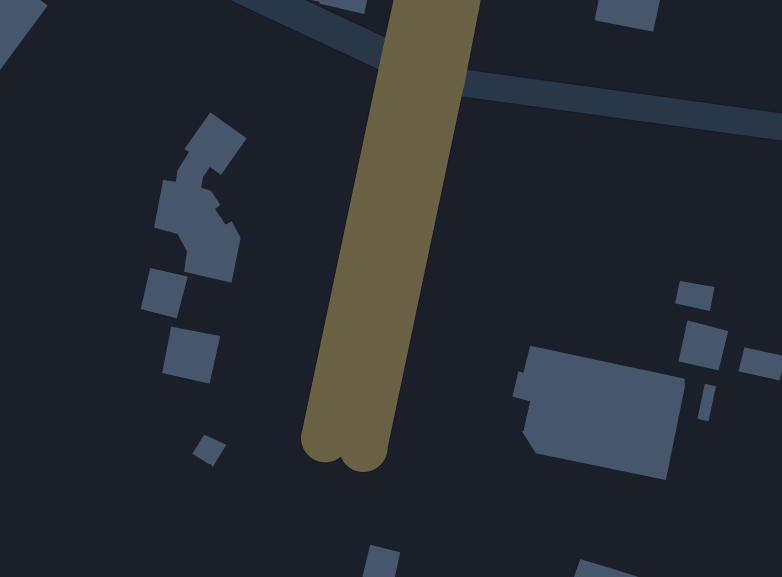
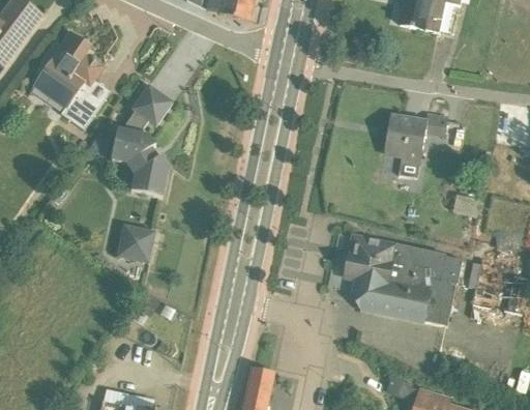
building: none -> [33,31,110,128]
building: none -> [384,113,447,168]
building: [140,267,189,319] -> none
building: [678,319,729,371] -> none

